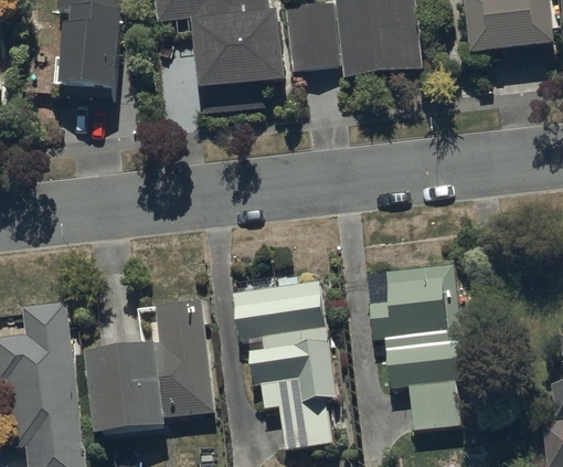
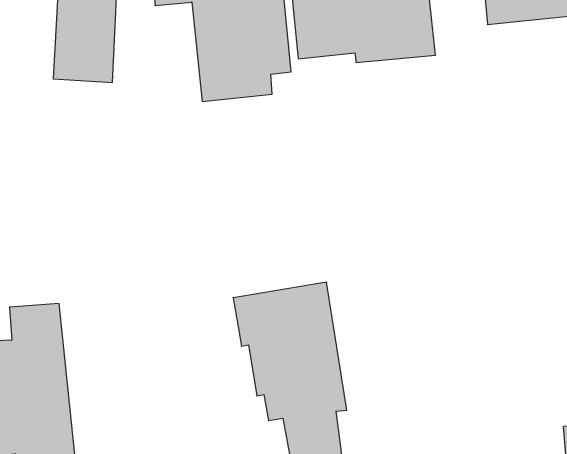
building: [370,263,465,431] -> none
building: [87,298,213,434] -> none

